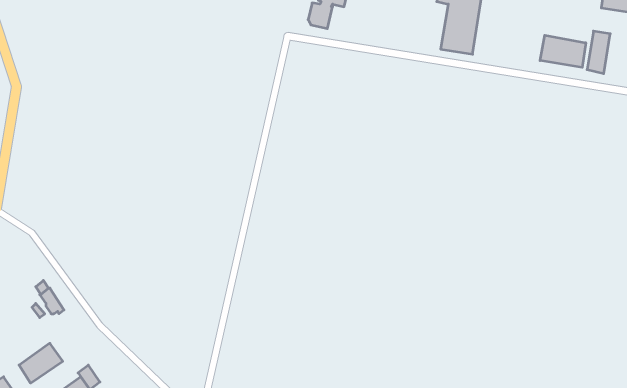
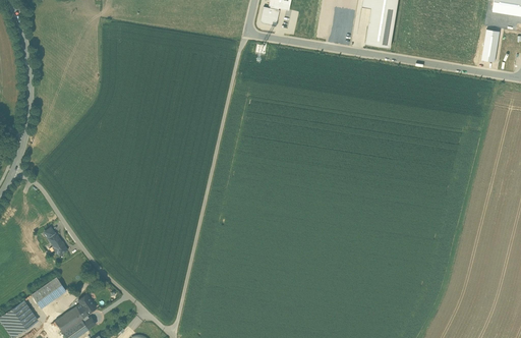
building: [540,35,586,67] -> none

